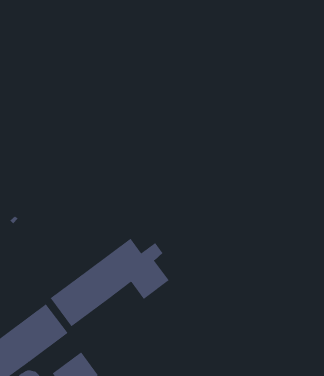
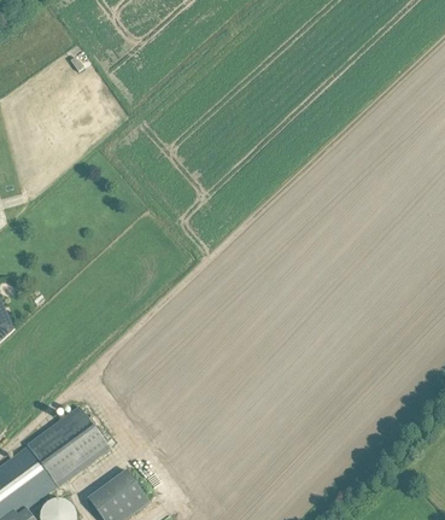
building: [50,238,170,327] -> none

